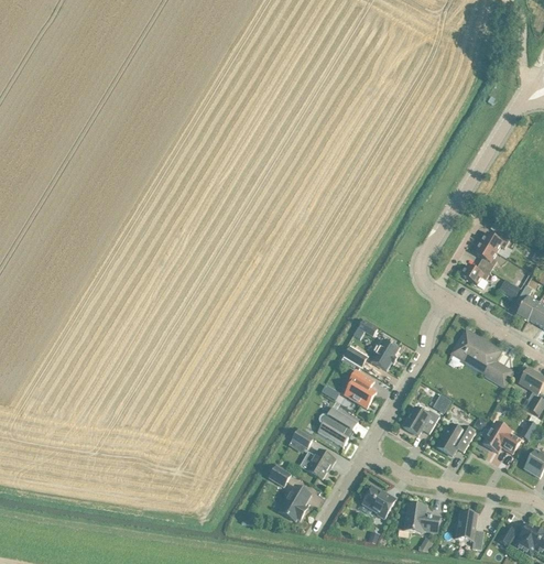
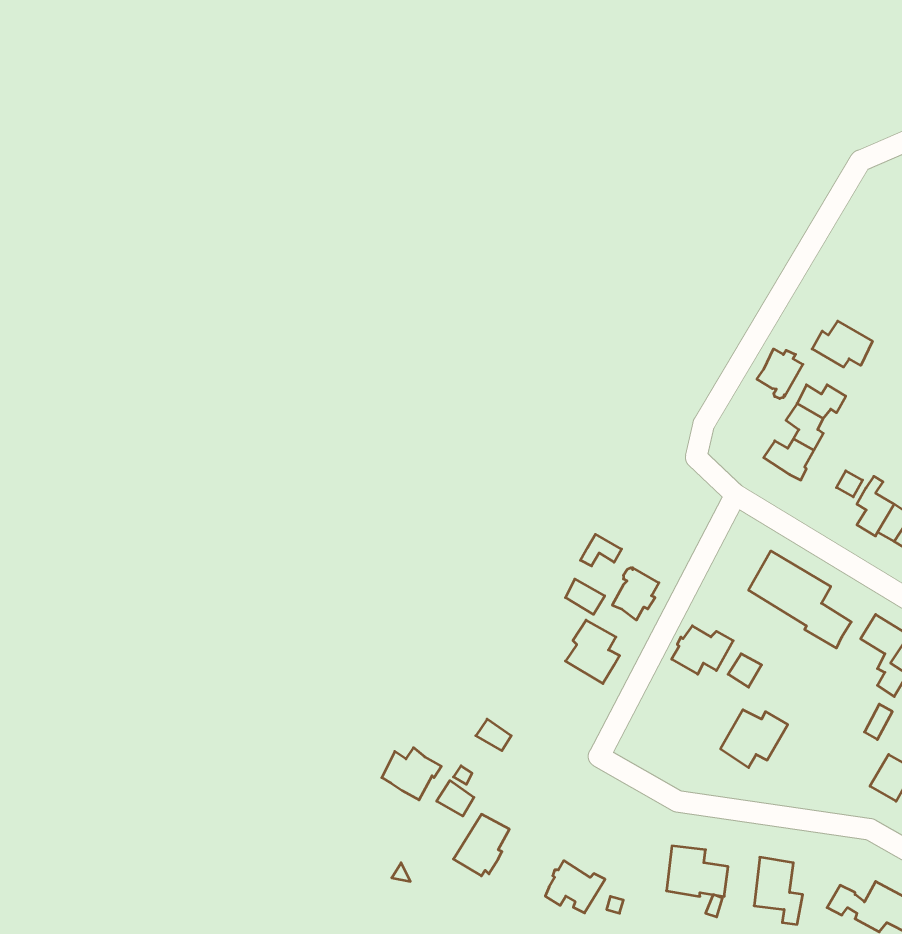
building: none -> [812,321,872,367]
building: none -> [757,349,803,399]
building: [316,405,357,445] -> none
building: [402,405,438,434] -> [672,626,733,674]
building: [481,420,520,453] -> none
building: [300,447,335,478] -> [382,748,441,800]
building: [360,486,395,517] -> [545,861,605,913]

